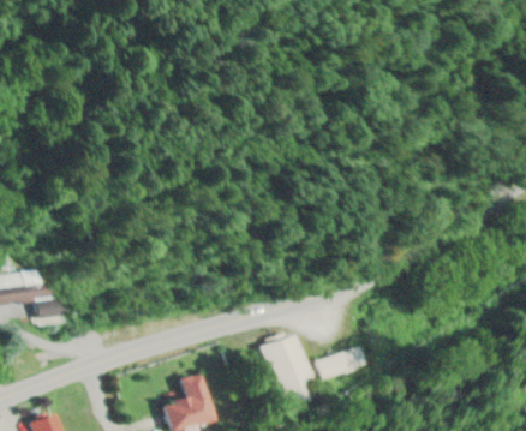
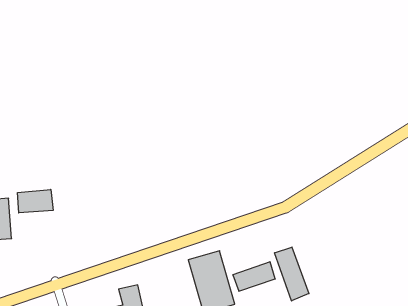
building: none -> [18,189,53,213]
building: none -> [275,247,309,301]

